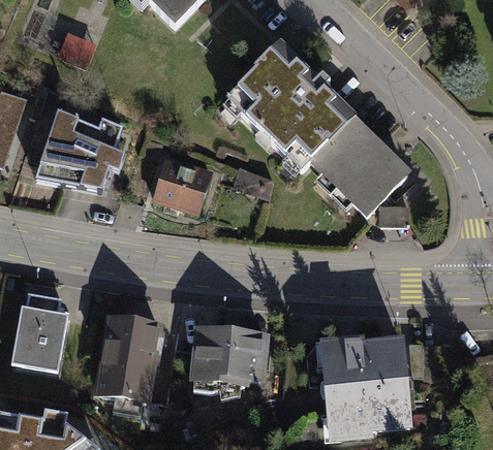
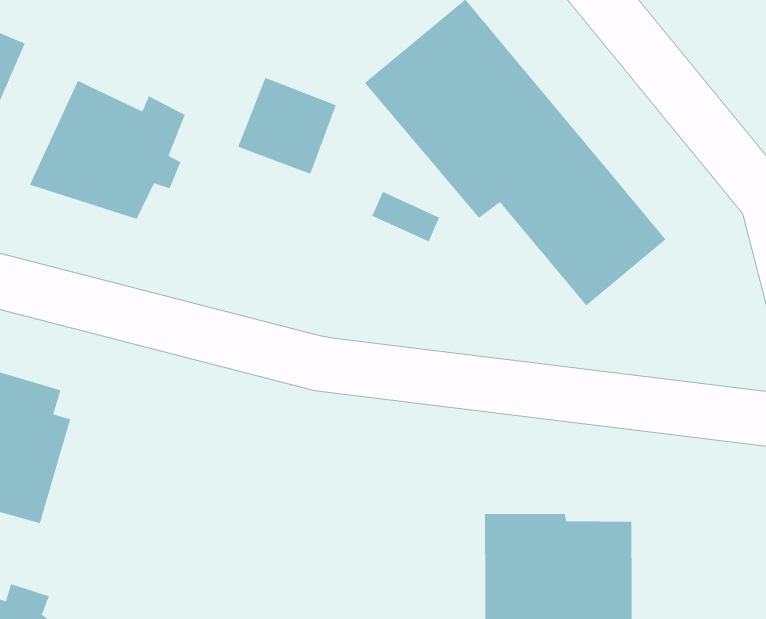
building: [154,155,210,210] -> [237,77,337,175]
building: [92,312,163,406] -> none
building: [189,325,271,384] -> none

